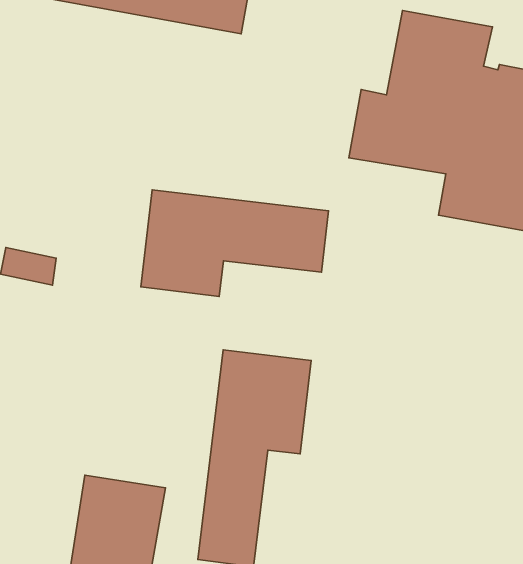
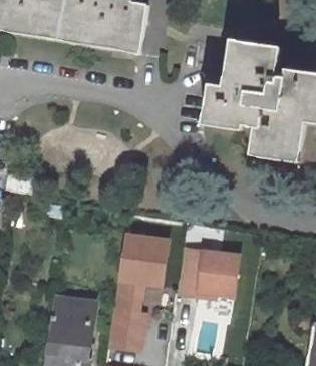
building: [141,190,328,296] -> none
building: none -> [176,247,238,295]

